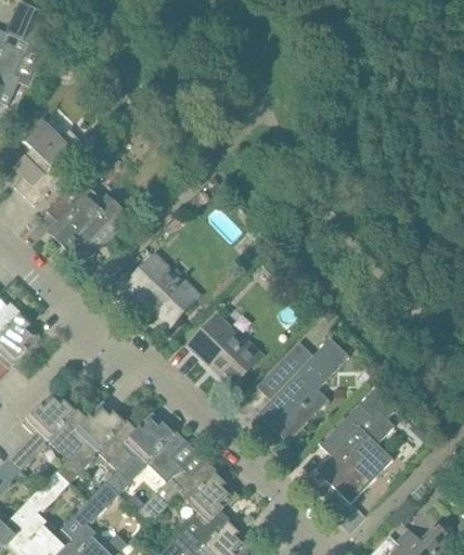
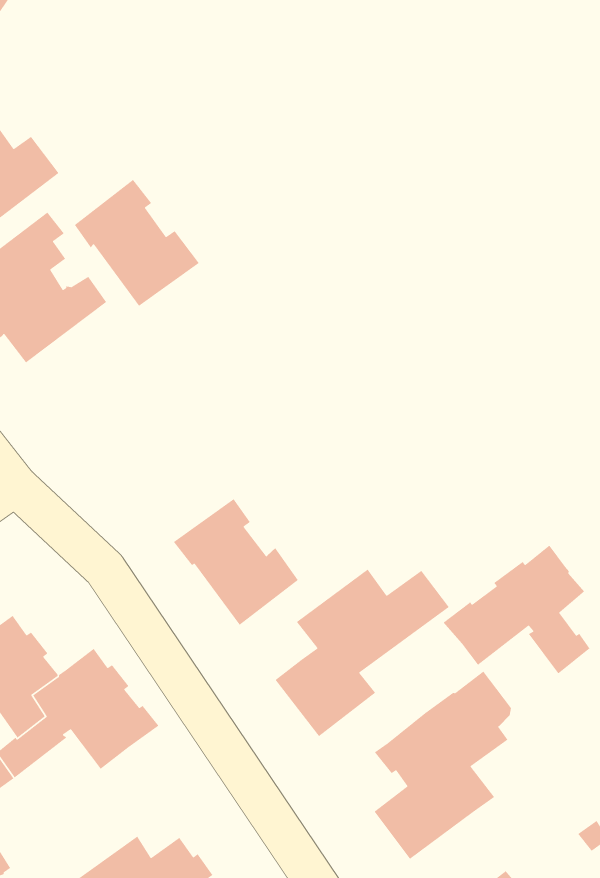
building: [125,255,199,326] -> [74,179,200,307]
building: none -> [443,545,591,675]
building: [137,451,235,526] -> none

